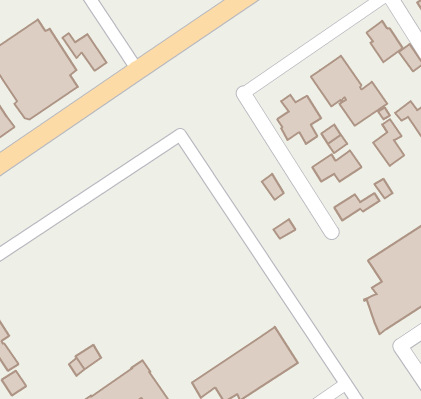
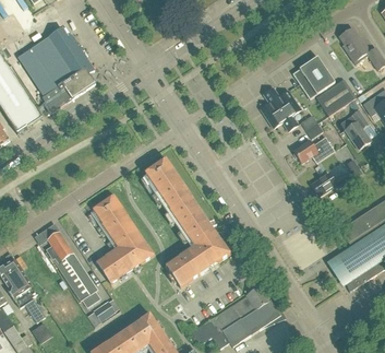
building: [62,33,107,71] -> none
building: none -> [144,157,230,287]
building: none -> [93,193,154,283]
building: none -> [45,231,96,299]

